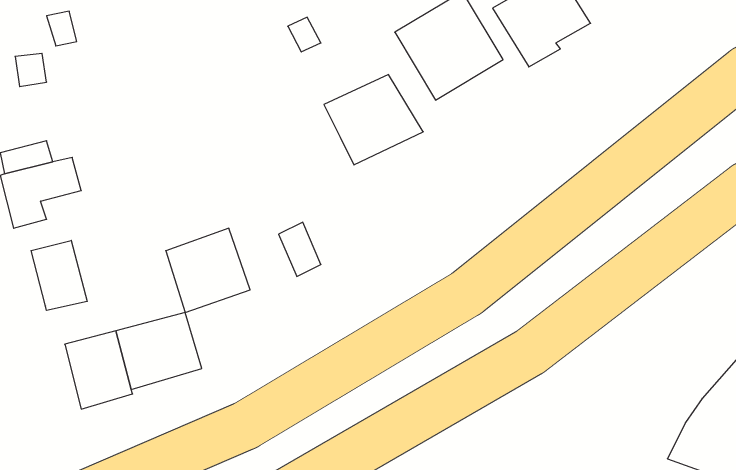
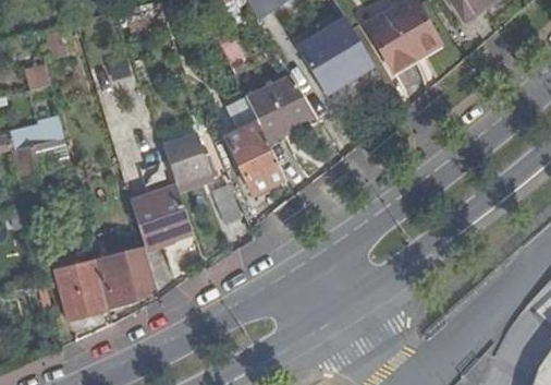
building: none -> [226,122,285,194]
building: none -> [163,134,209,184]
building: [31,240,87,310] -> none

